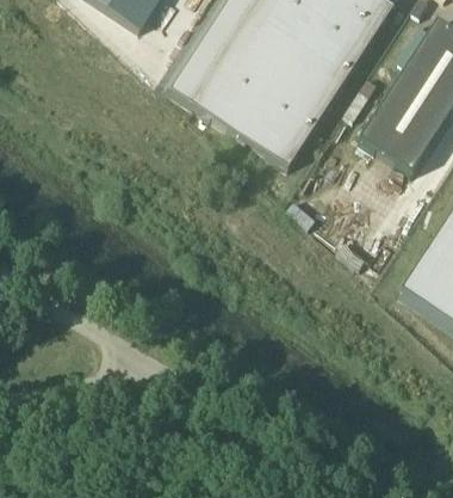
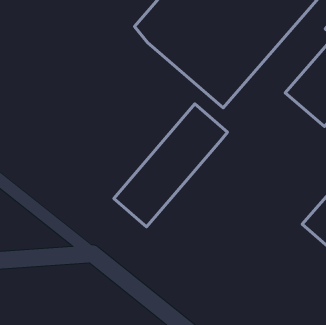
building: none -> [114,104,228,227]

